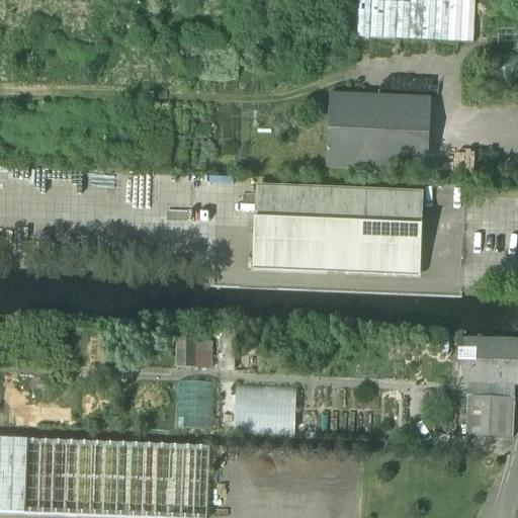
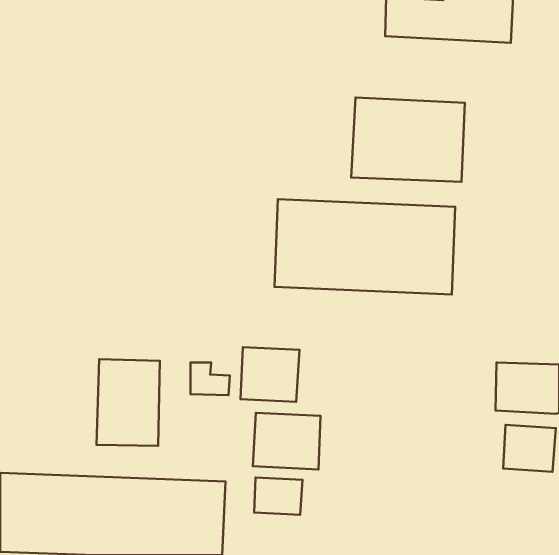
building: none -> [241,347,300,402]
building: none -> [96,359,160,446]
building: none -> [254,478,302,515]

